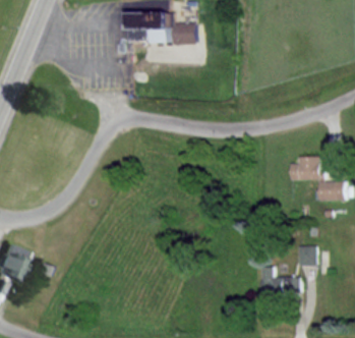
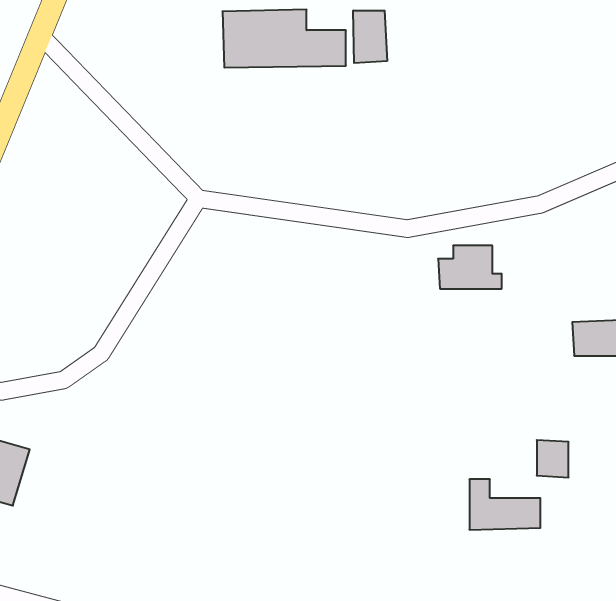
building: none -> [353,10,387,63]
building: [290,157,324,180] -> [438,246,502,289]

